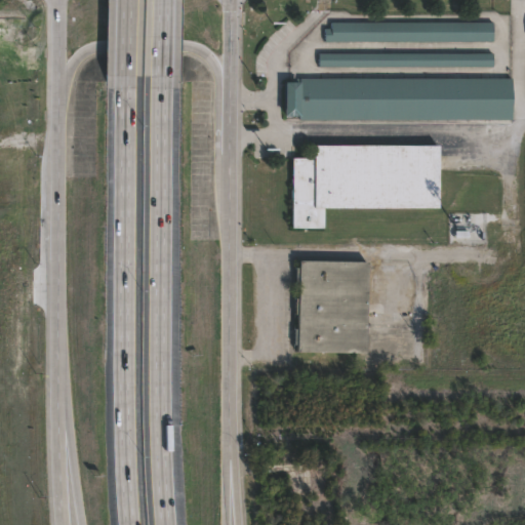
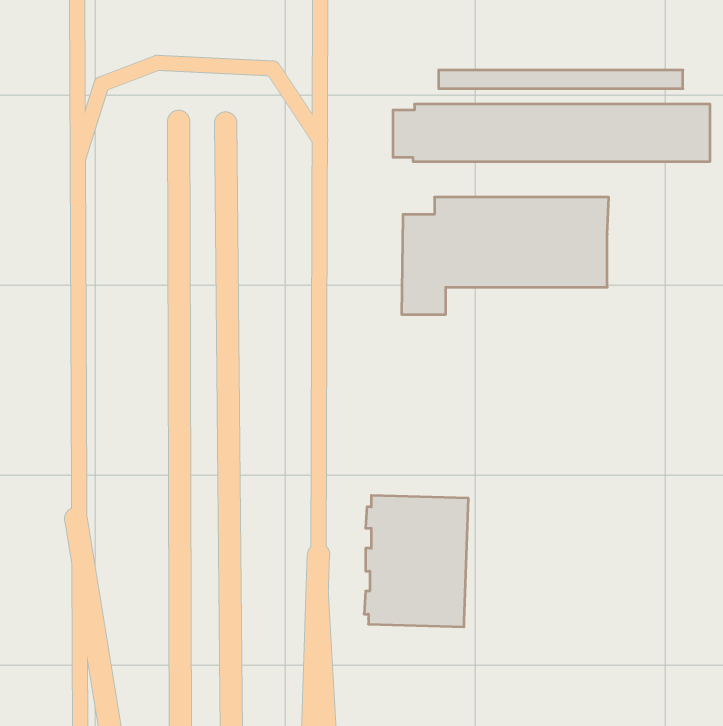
building: [326,24,494,42] -> none
building: [296,260,371,355] -> [364,495,468,627]

